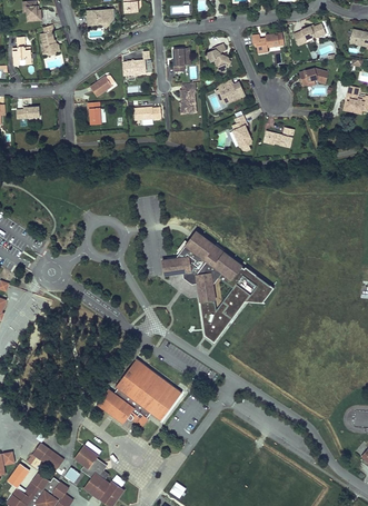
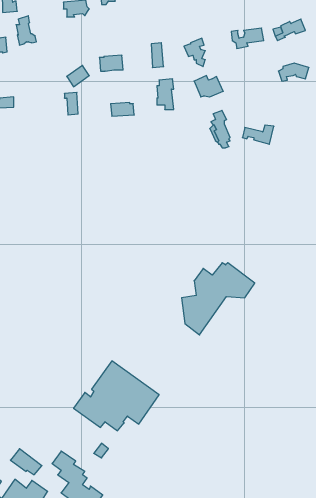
building: [163,229,242,299] -> none

